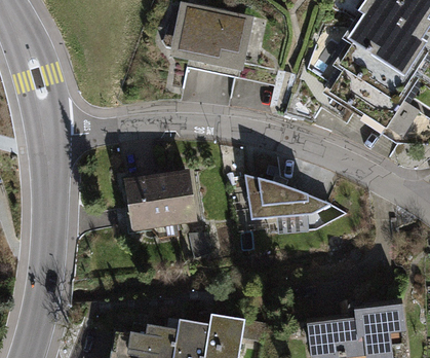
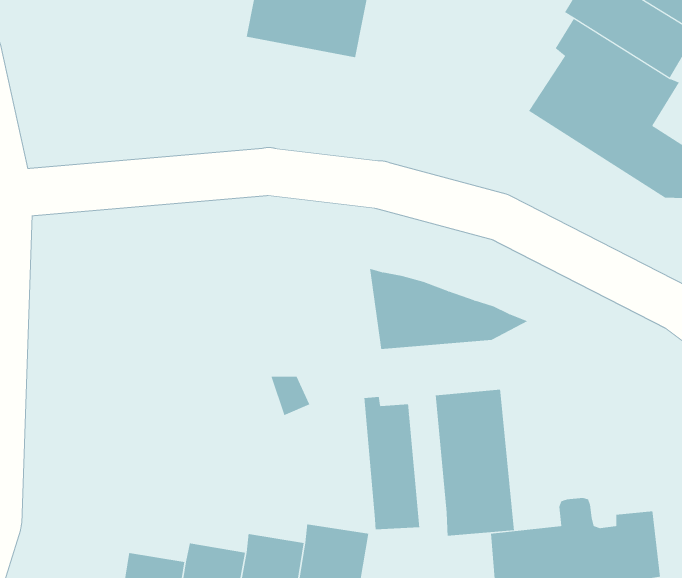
building: [127,174,193,226] -> none
building: none -> [435,389,514,536]
building: none -> [364,396,420,530]

